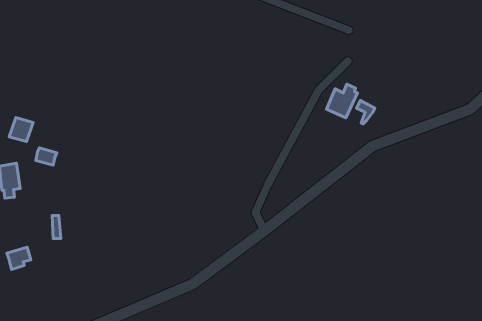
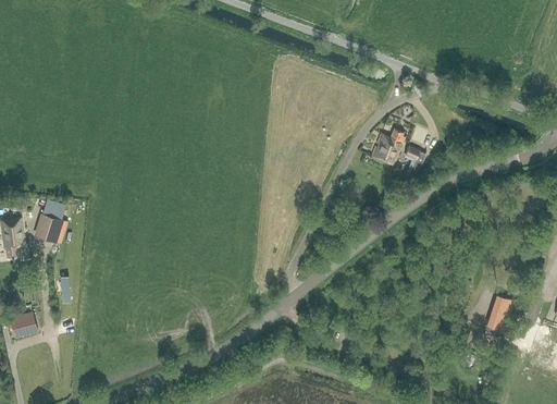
building: [9,118,33,142] -> [34,215,61,242]
building: none -> [486,295,511,331]

